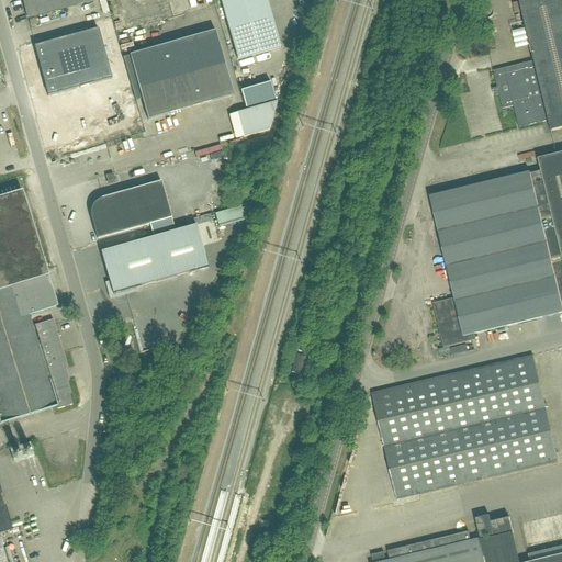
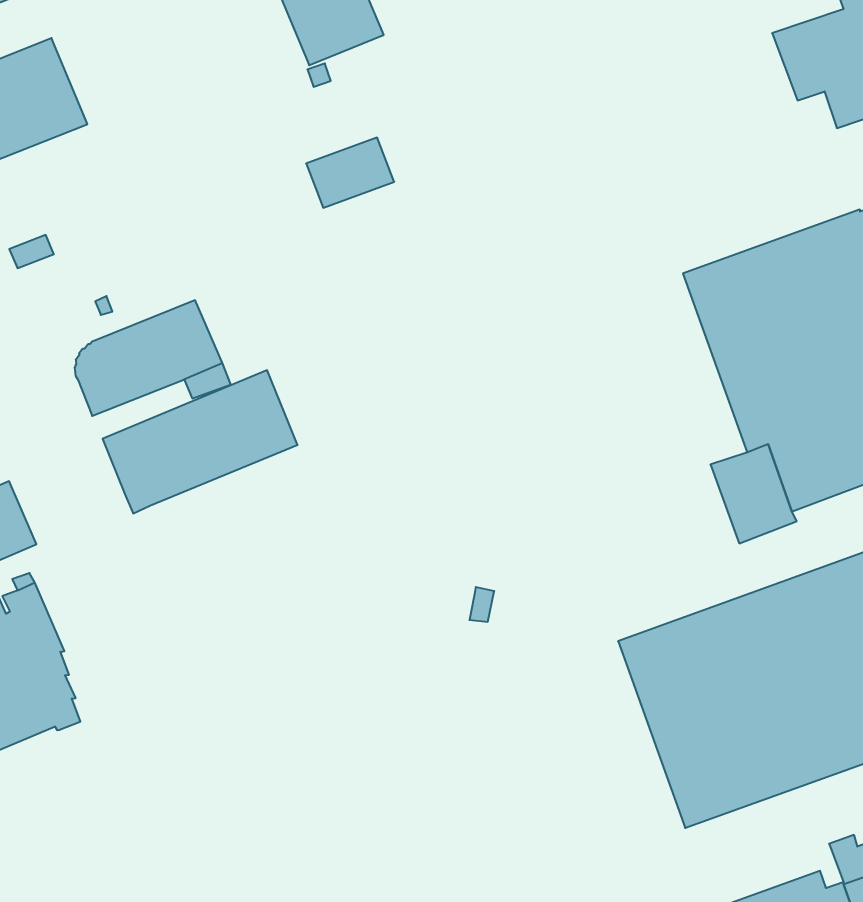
building: [123,27,233,116] -> none
building: [240,80,274,106] -> none

